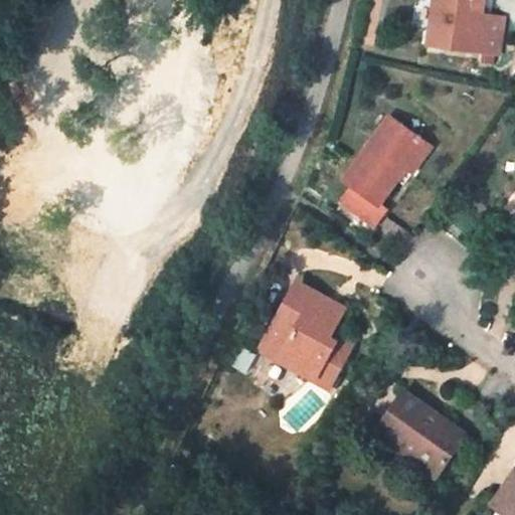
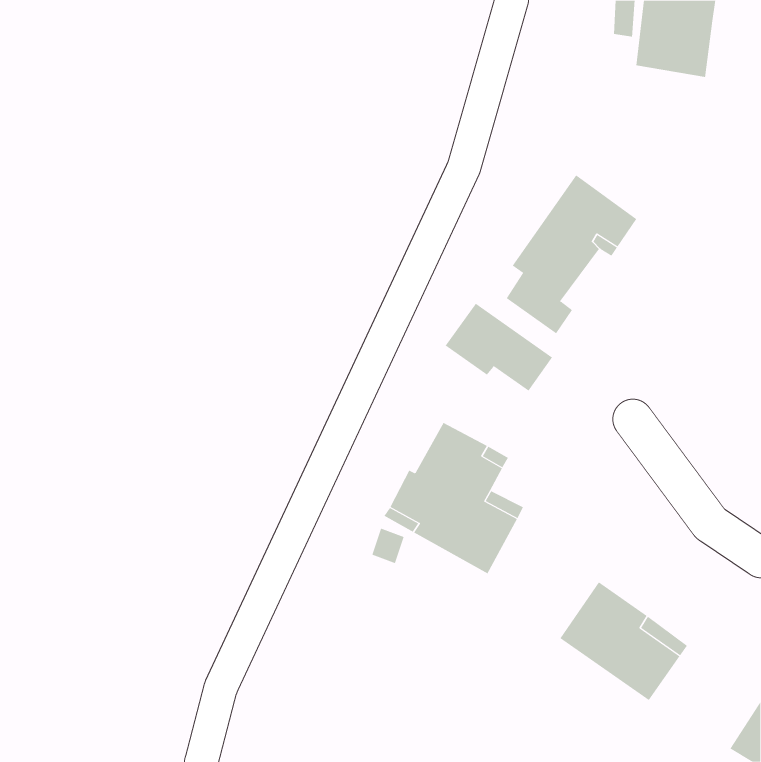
building: [476,14,504,55] -> none
building: none -> [445,303,553,392]

